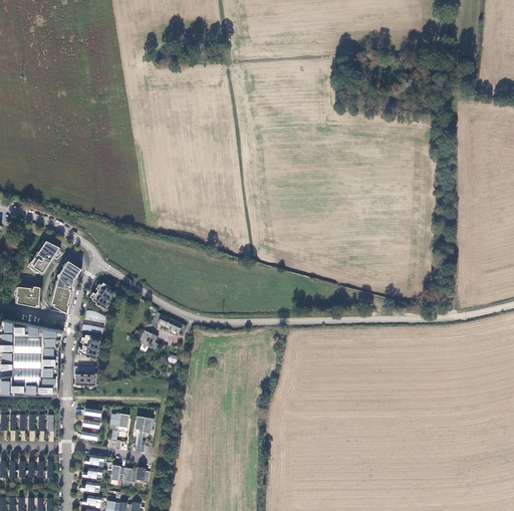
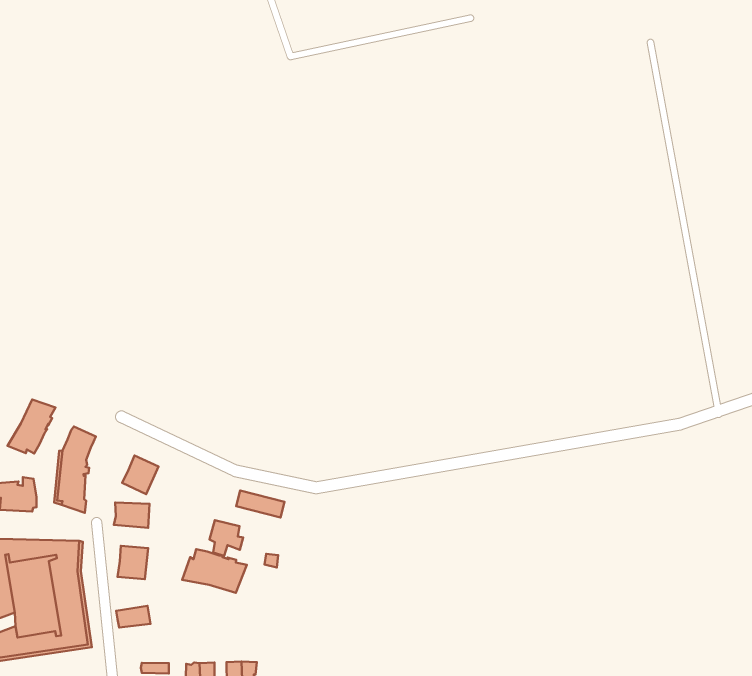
building: none -> [182,549,247,593]

